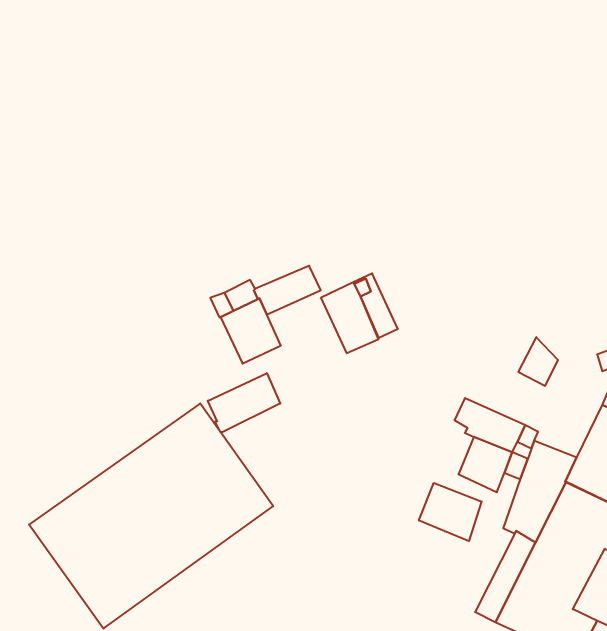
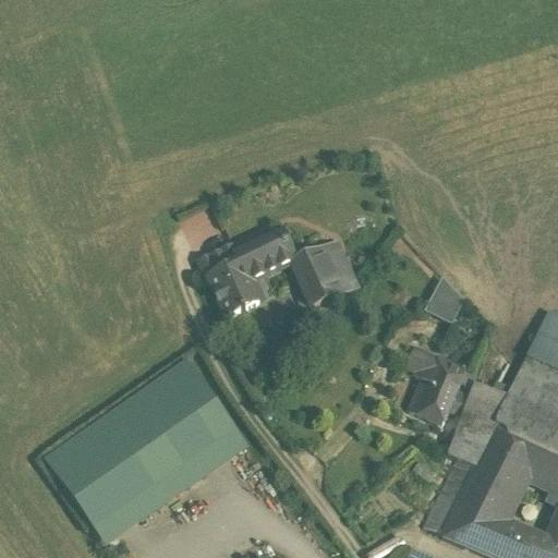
building: [518,337,558,386] -> [427,281,461,323]
building: [208,373,280,432] -> none
building: [419,483,482,541] -> none

